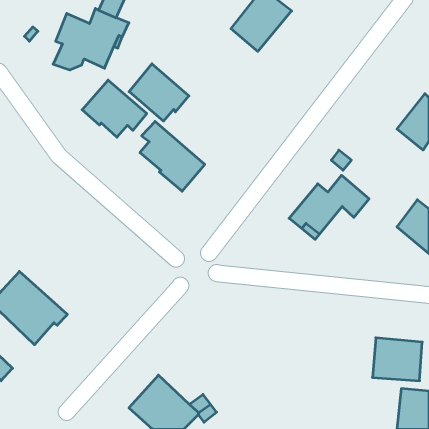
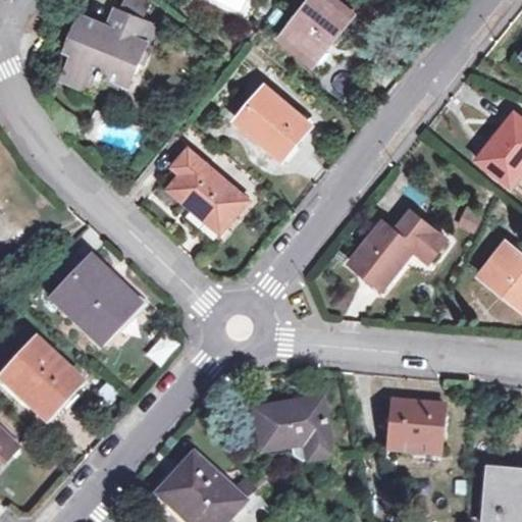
building: [129,64,189,121] -> [238,85,310,154]
building: [82,80,147,137] -> none
building: none -> [51,260,137,345]
building: none -> [252,397,330,460]
building: [372,338,422,381] -> [384,401,445,453]

